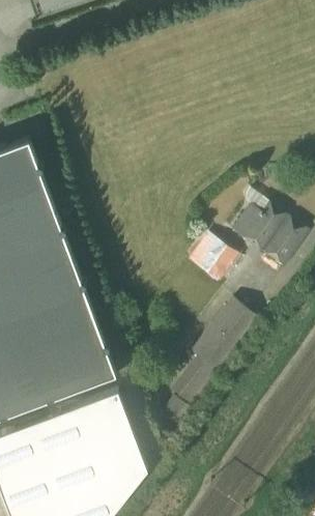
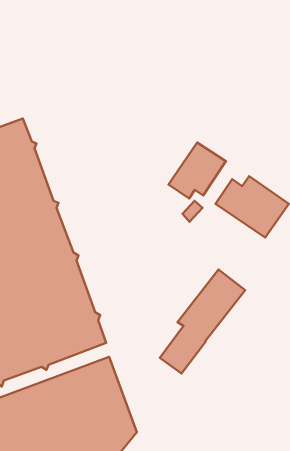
building: none -> [169,143,226,198]
building: [209,245,245,279] -> none

